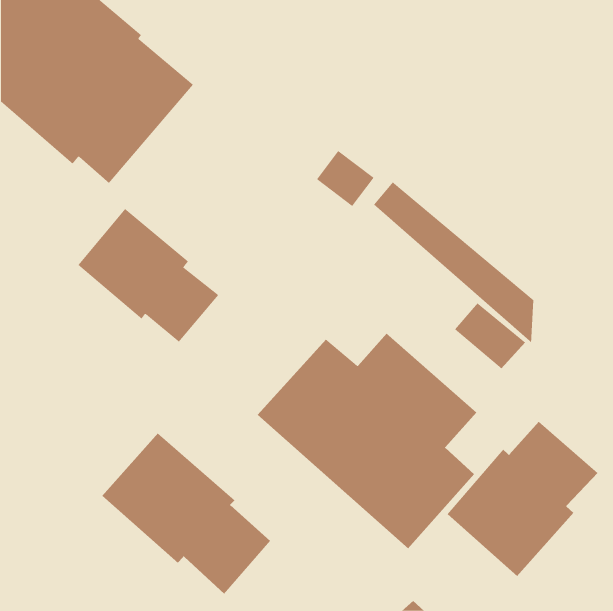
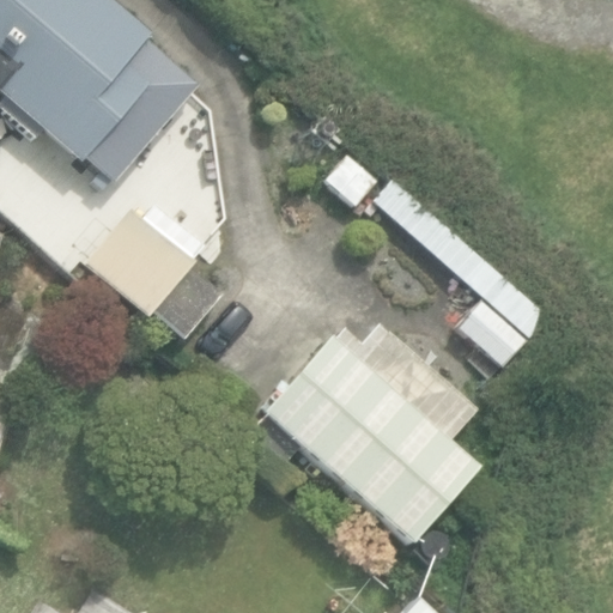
building: [447,421,598,577] -> none
building: [101,432,271,594] -> none

